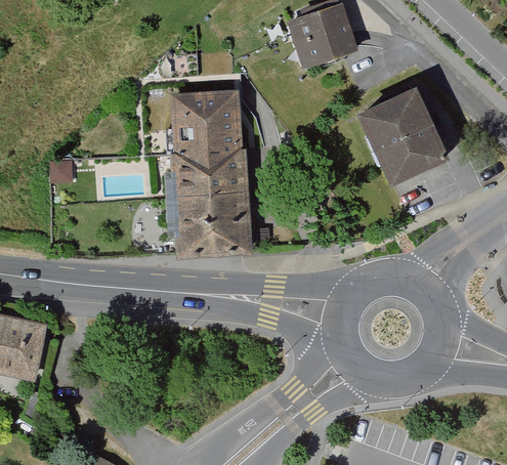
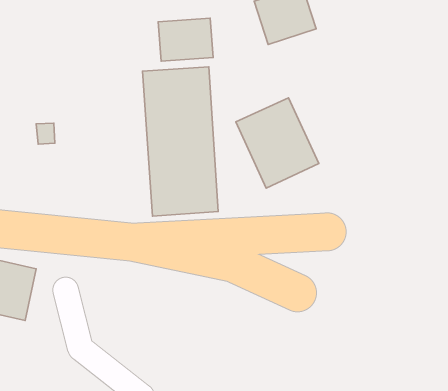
building: none -> [158,18,213,61]
building: [364,91,456,192] -> [236,98,319,188]

